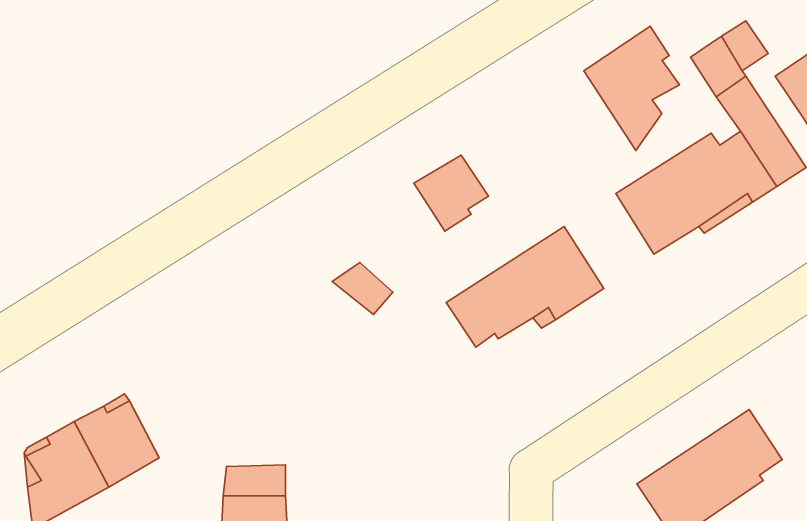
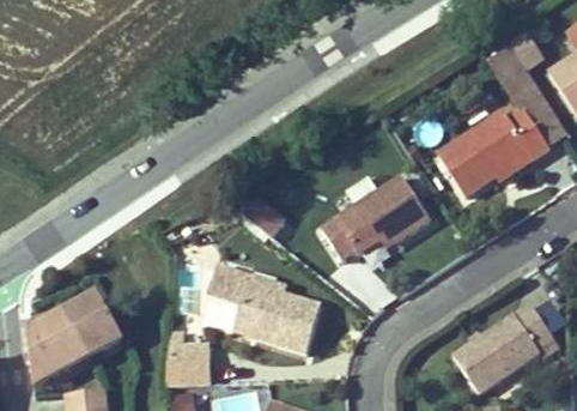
building: [584,26,679,151] -> none
building: [414,155,488,231] -> none
building: none -> [207,266,321,352]

